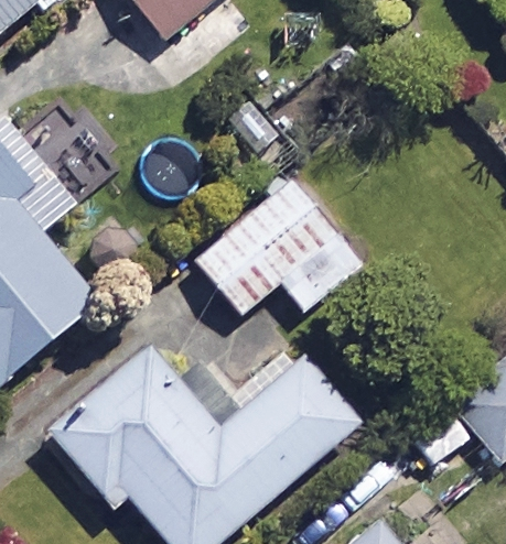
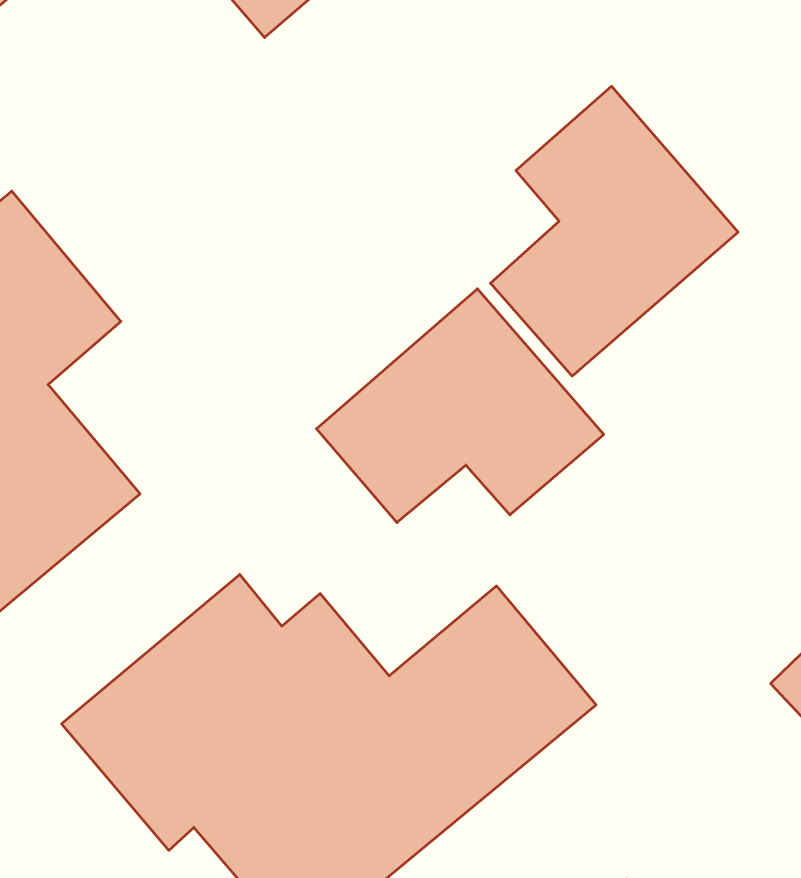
building: none -> [490,86,738,376]

